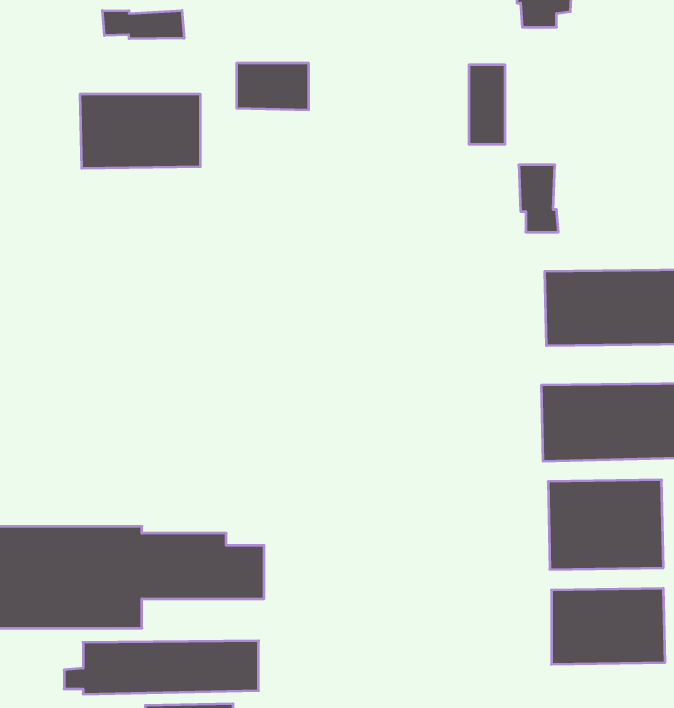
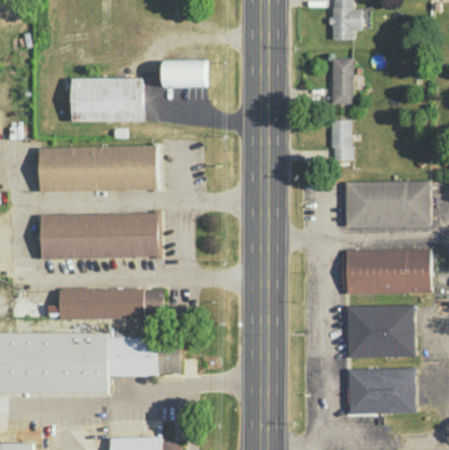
building: [102,10,184,39] -> none
building: [469,65,505,144] -> [331,57,353,103]
building: none -> [40,145,160,192]
building: none -> [41,212,162,258]
building: [64,641,259,694] -> [49,288,163,319]

